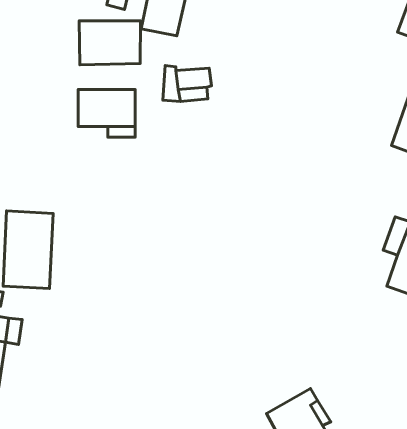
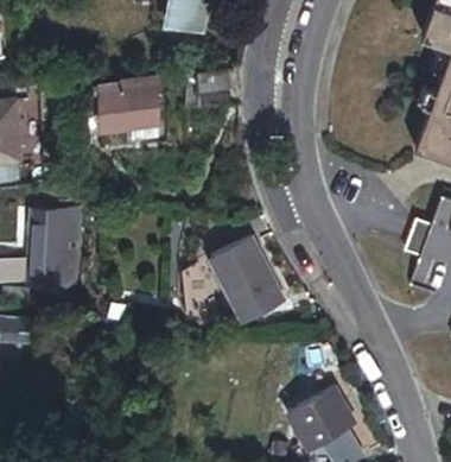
building: [79,21,140,65] -> none
building: none -> [209,230,281,319]

